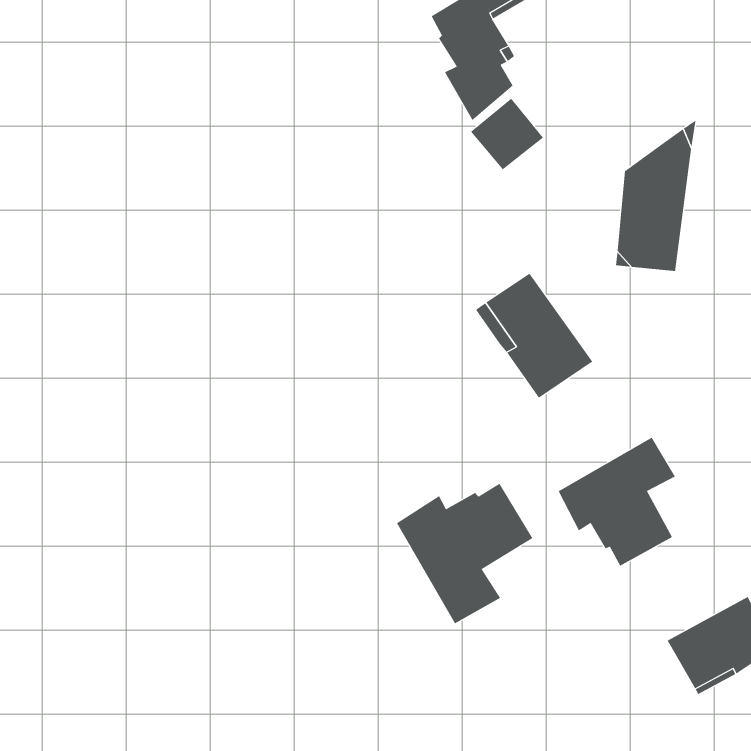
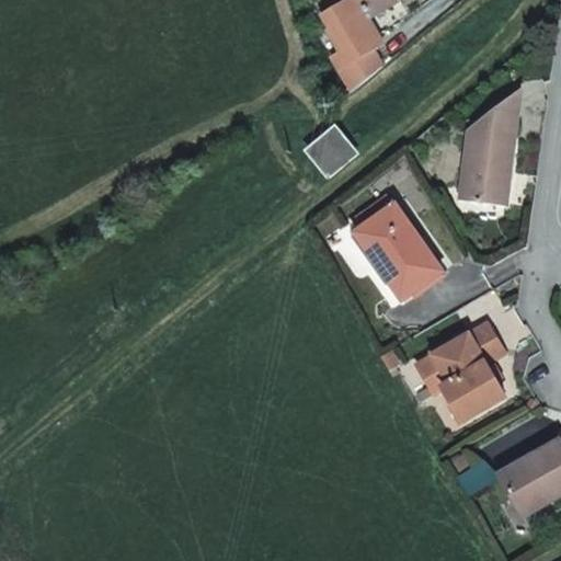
building: [470,98,544,170] -> [302,124,357,178]
building: [396,483,533,624] -> none

